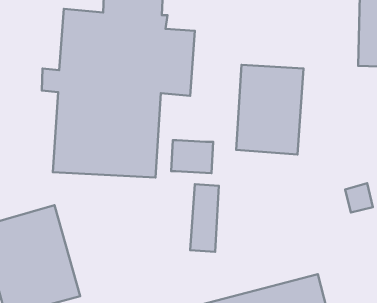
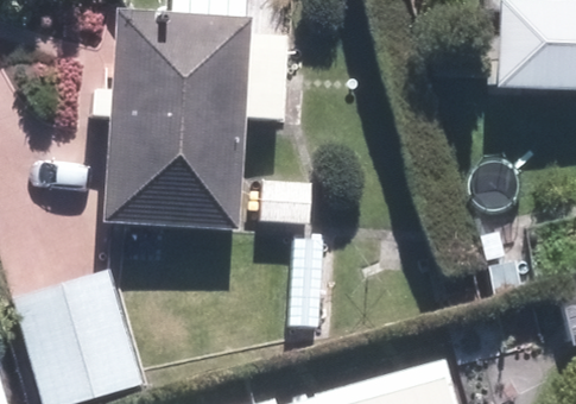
building: [236,65,303,155] -> none

